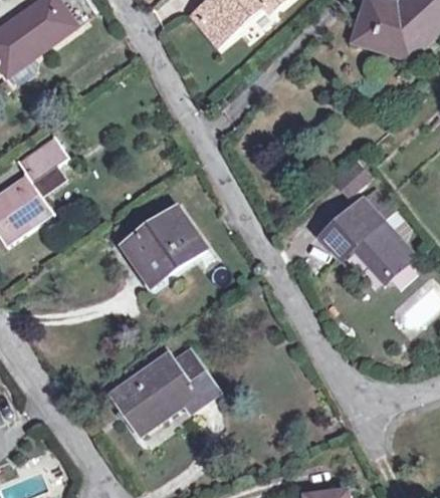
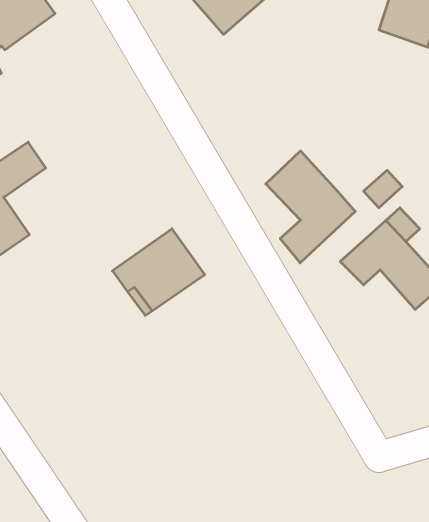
building: none -> [266,151,355,263]
building: [108,349,219,435] -> none

